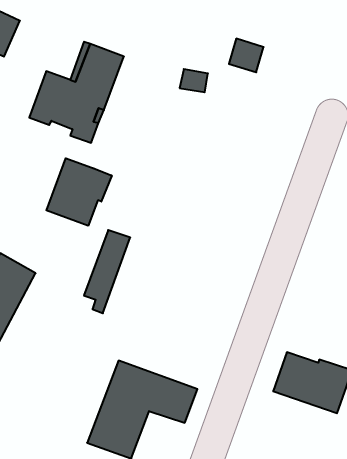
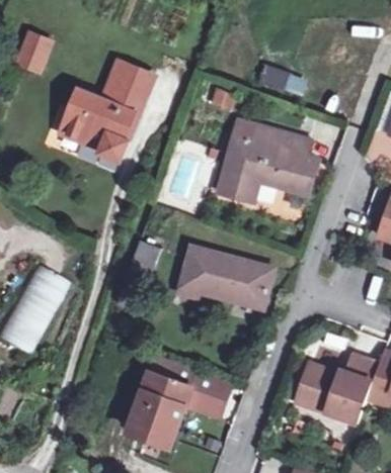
building: none -> [219,113,326,197]
building: [46,158,112,226] -> none
building: none -> [181,238,278,304]

